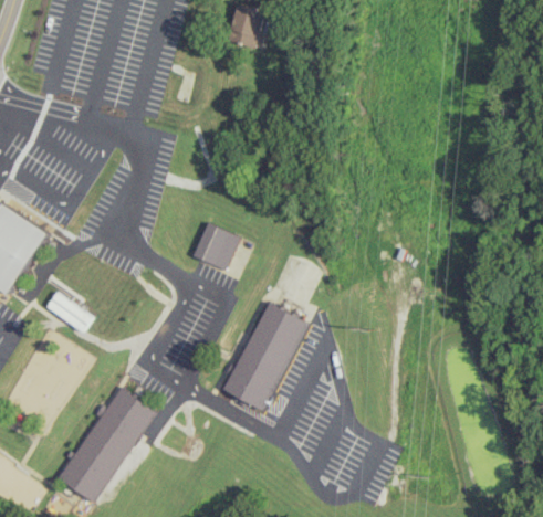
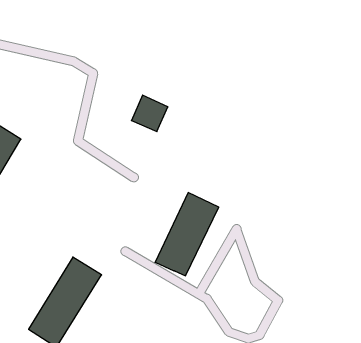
building: [192,222,240,270] -> [131,95,168,132]
building: [46,292,93,331] -> none

